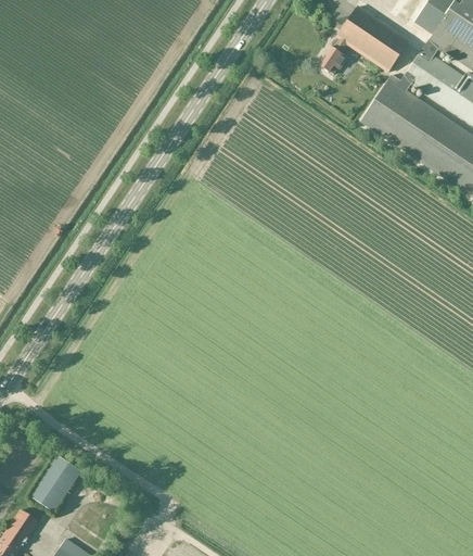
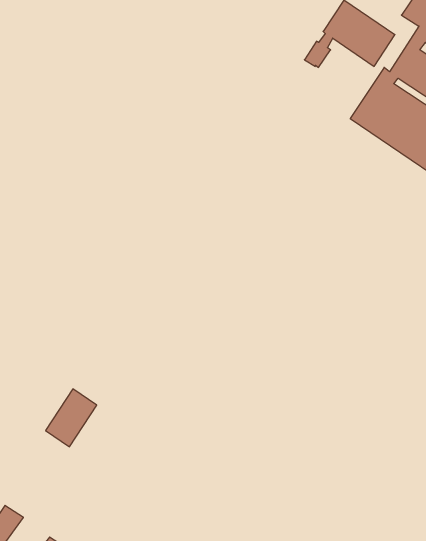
building: [30,454,81,511] -> [46,389,97,447]

